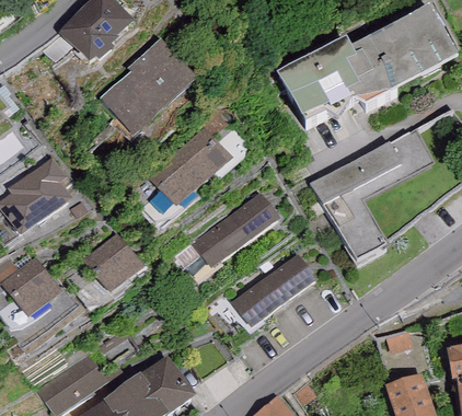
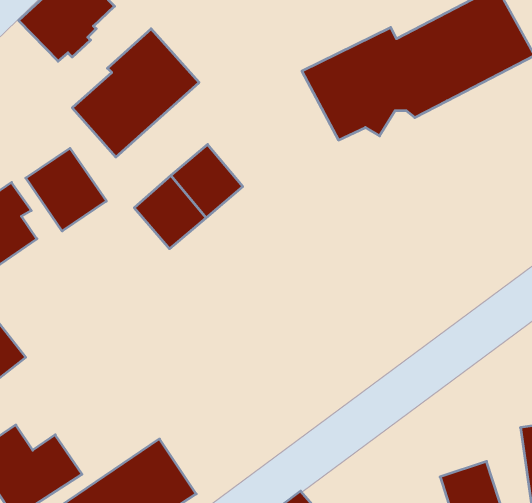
building: [309,128,435,264] -> none
building: none -> [26,148,106,231]
building: [192,192,280,269] -> none
building: [83,231,146,294] -> none
building: [232,254,319,328] -> none

